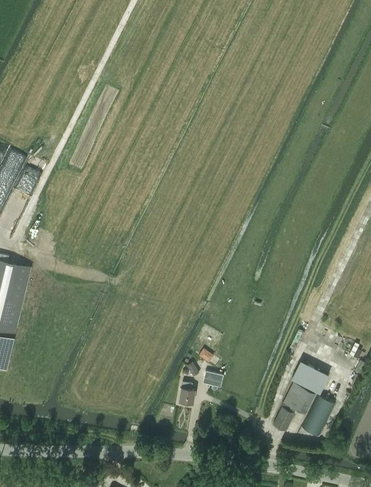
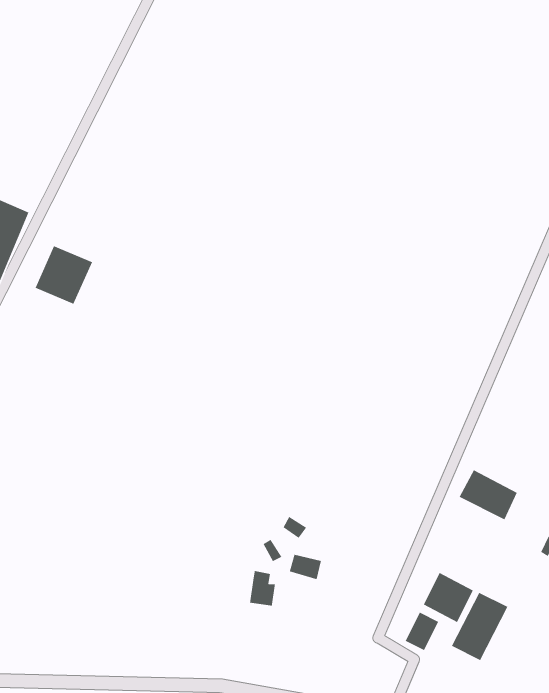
building: none -> [34,245,93,305]
building: [291,361,327,392] -> [459,469,518,520]

